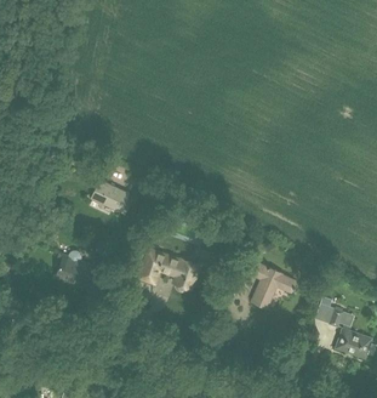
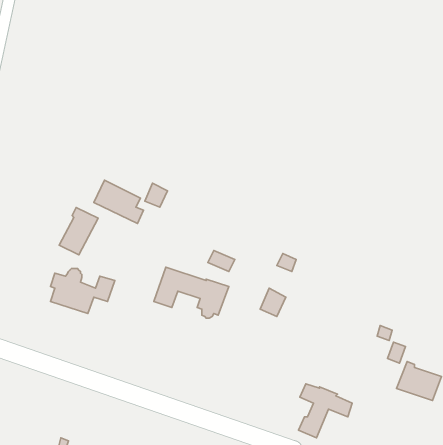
building: none -> [59,207,98,255]
building: [251,265,295,308] -> [298,384,352,438]

